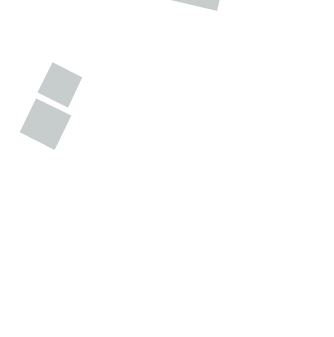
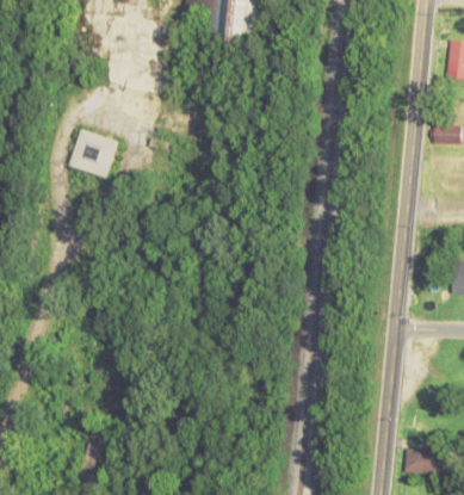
building: [19,98,72,151] -> none

